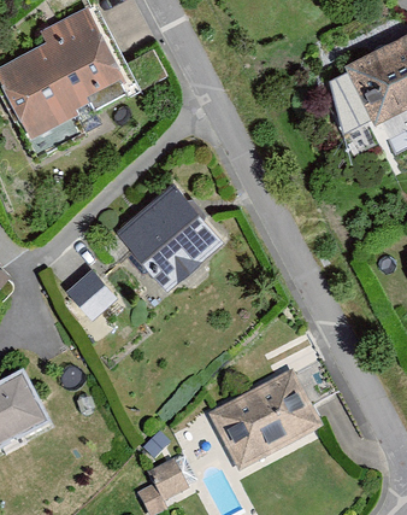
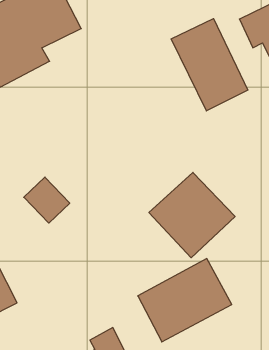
building: none -> [171,19,248,111]
building: [116,182,224,289] -> [149,172,235,258]

